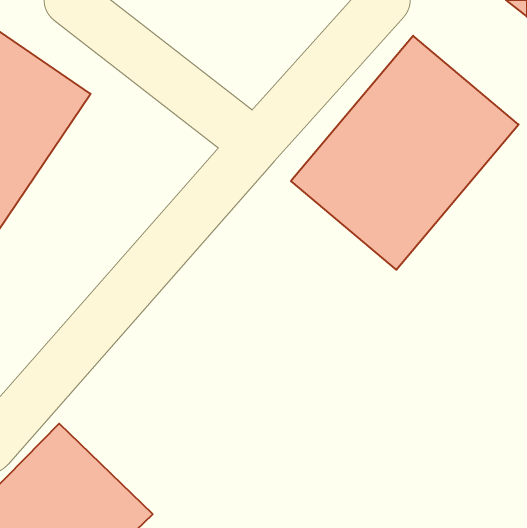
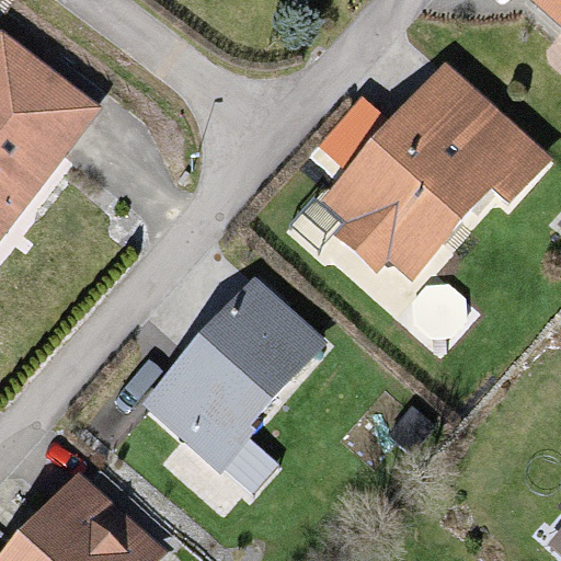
building: none -> [154,308,329,486]

